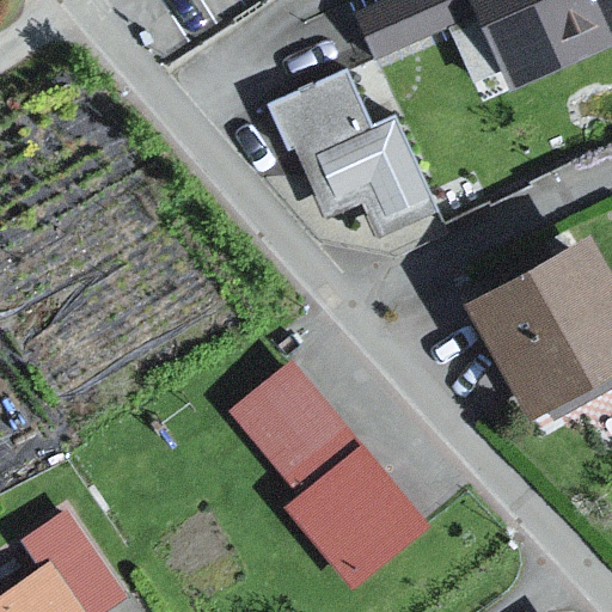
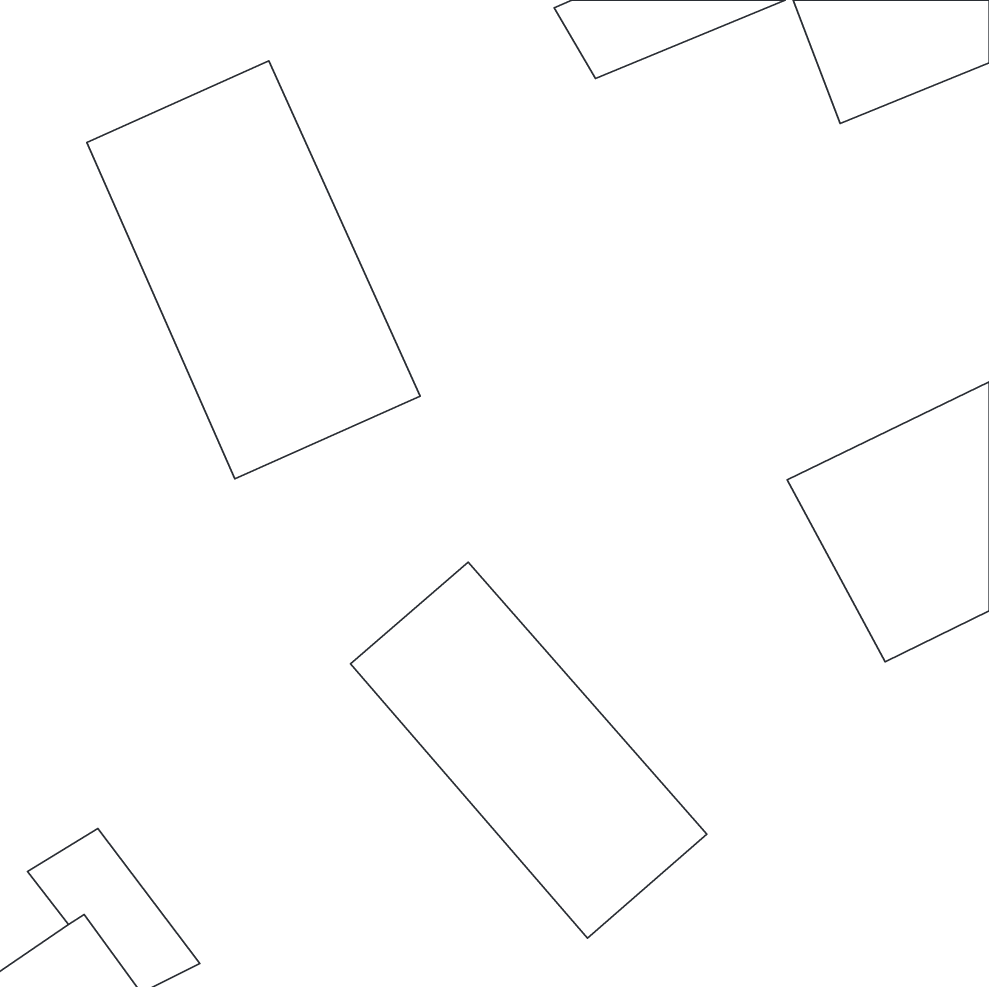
building: none -> [87,61,420,479]
building: [262,69,439,221] -> none

